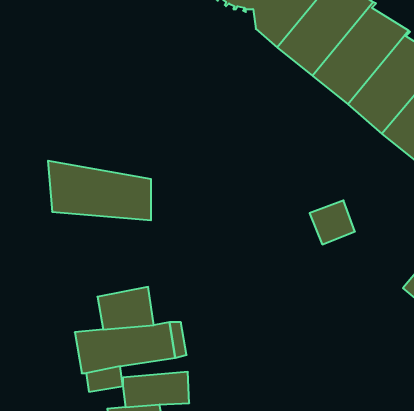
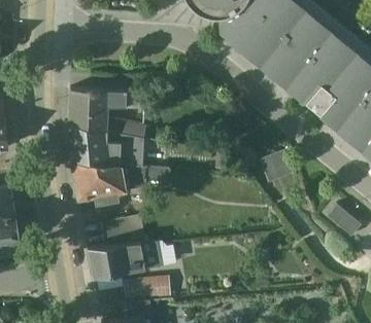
building: none -> [68,88,151,138]
building: none -> [71,160,170,202]

